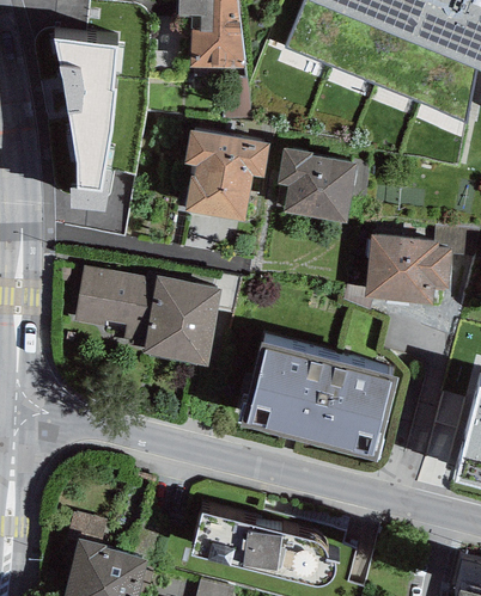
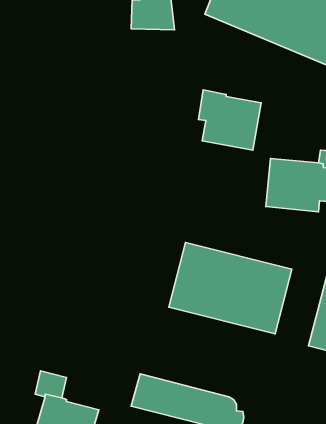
building: [54,37,117,191] -> none
building: [184,128,270,220] -> none
building: [75,264,223,365] -> none

